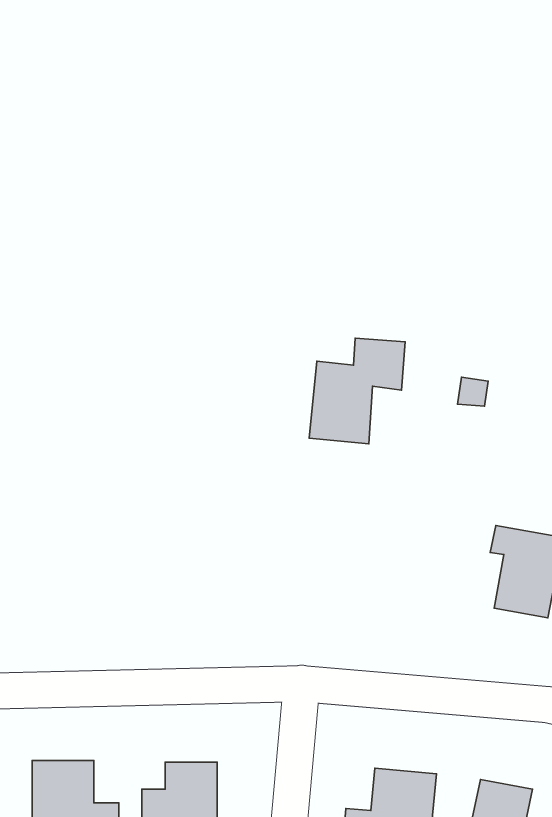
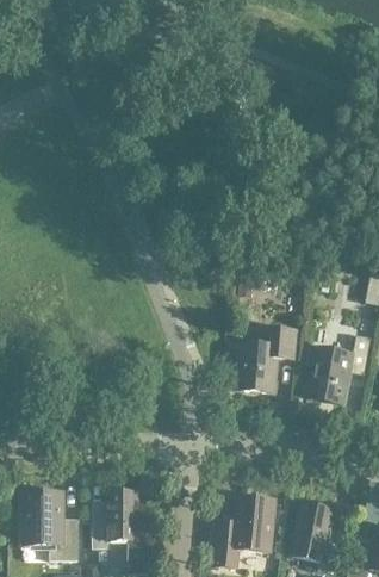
building: [309,338,405,444] -> [236,327,296,392]

